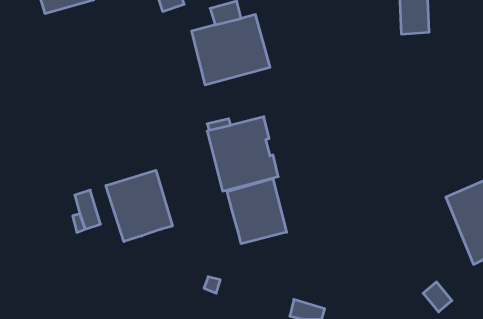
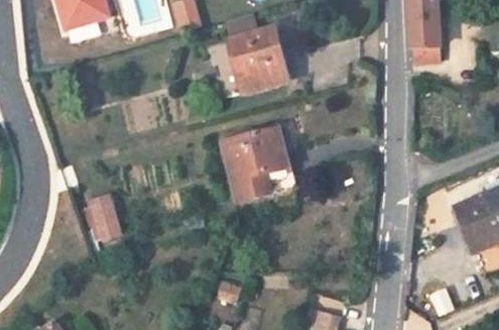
building: [106,170,172,242] -> none
building: [227,179,287,244] -> none

